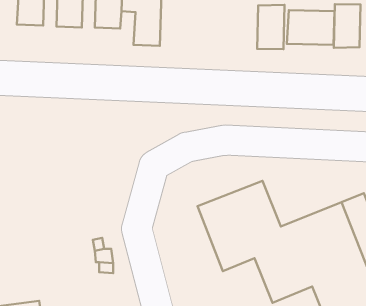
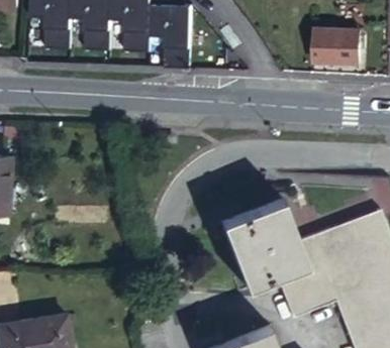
building: [334,4,360,48] -> none
building: [257,5,285,49] -> none

